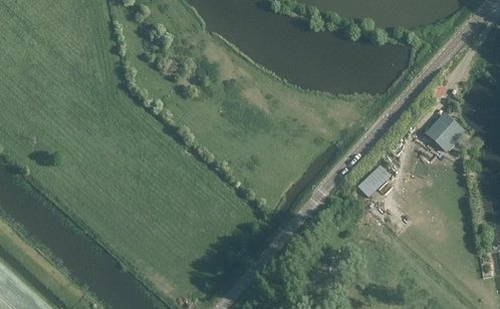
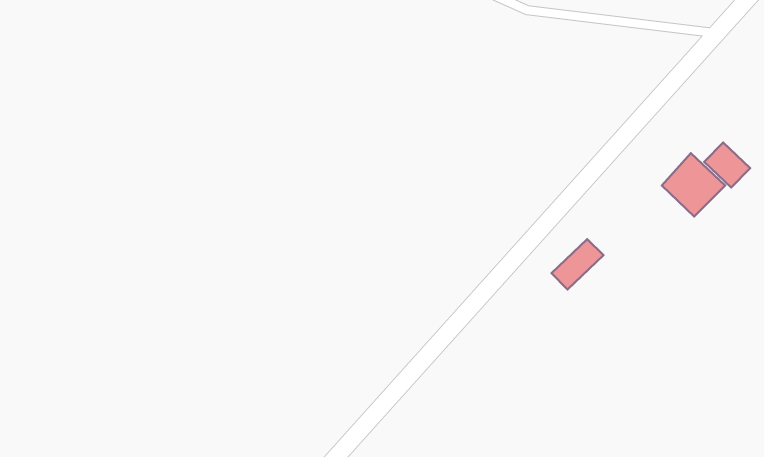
building: none -> [704,142,750,188]

